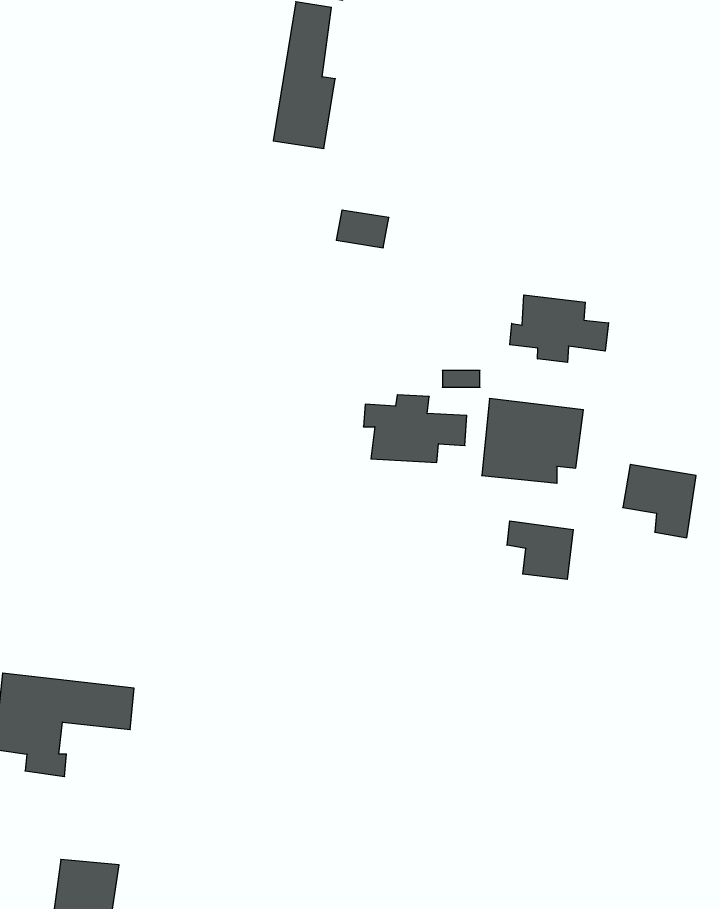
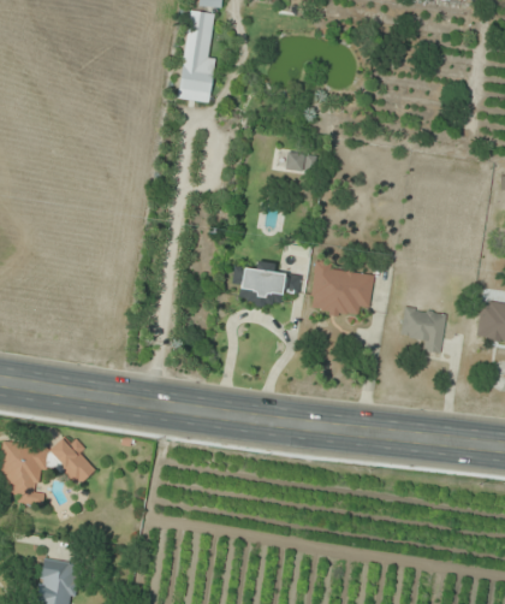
building: [336,210,389,248] -> [284,150,317,174]
building: [510,295,608,362] -> none
building: [507,521,573,579] -> none

